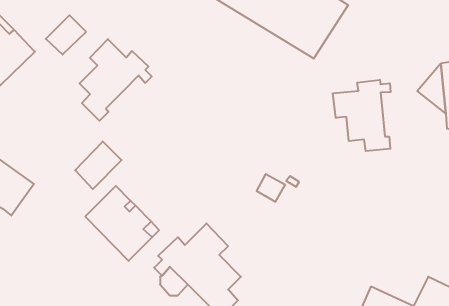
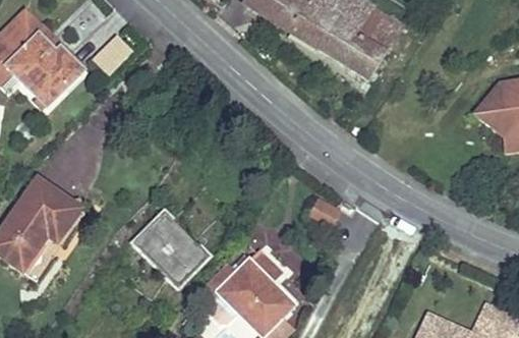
building: [79,39,152,121] -> none
building: [333,80,391,151] -> none
building: [75,141,122,189] -> none

